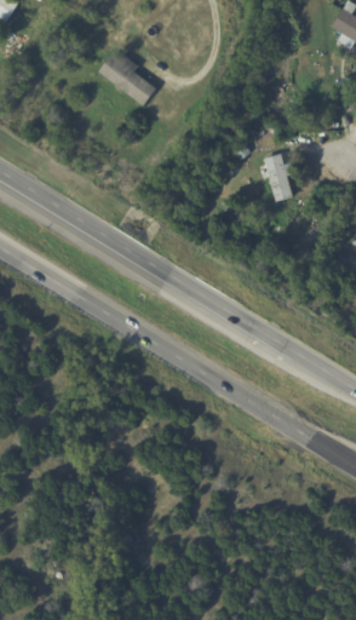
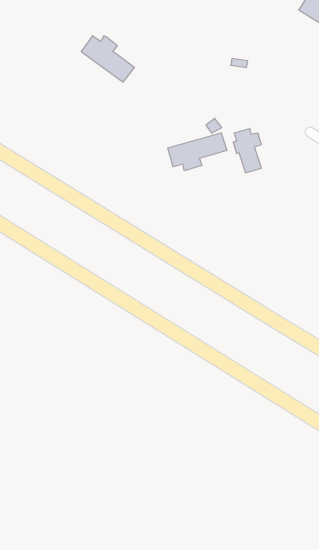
building: none -> [168,133,227,171]

